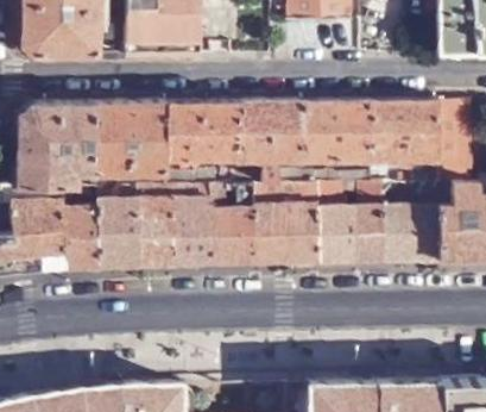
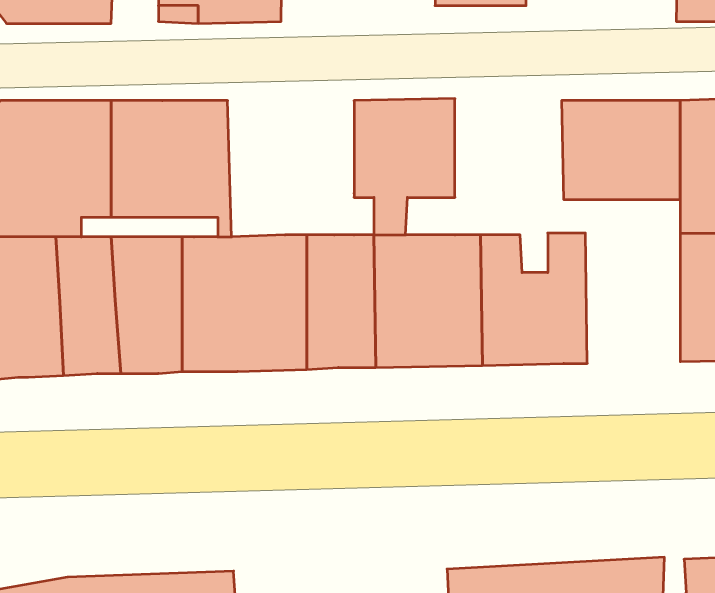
building: [303,102,368,163] -> none
building: [166,104,242,186] -> none
building: [381,183,438,262] -> none

